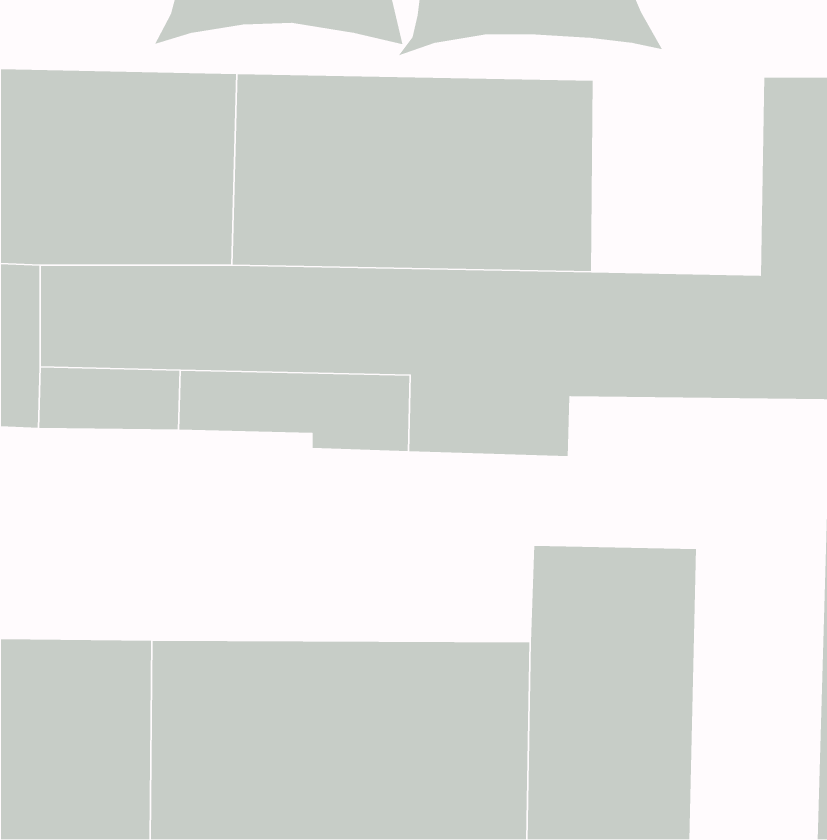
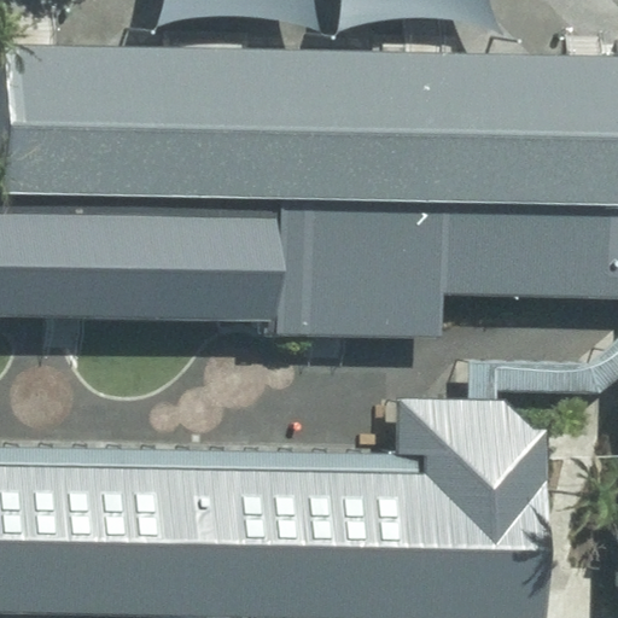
building: none -> [447,56,571,199]

